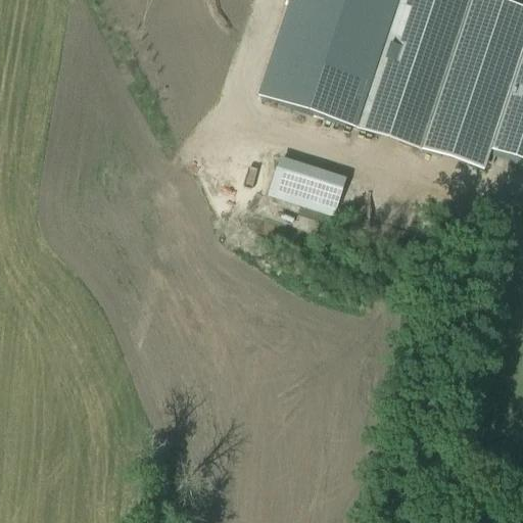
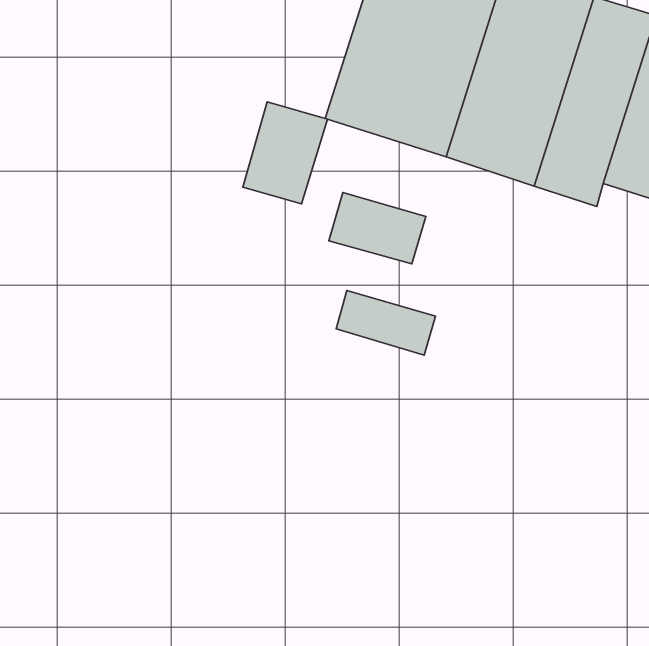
building: none -> [243,102,327,204]
building: none -> [336,291,435,355]

